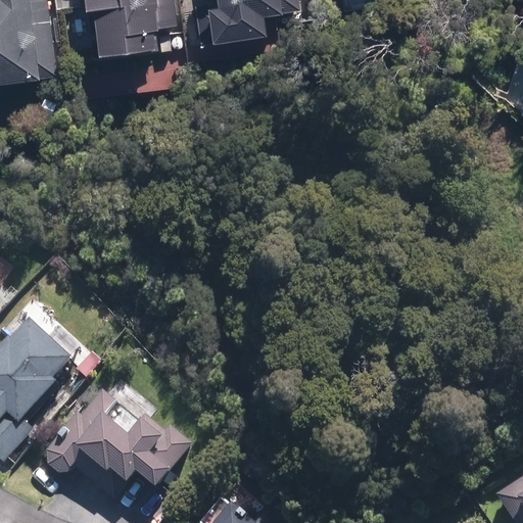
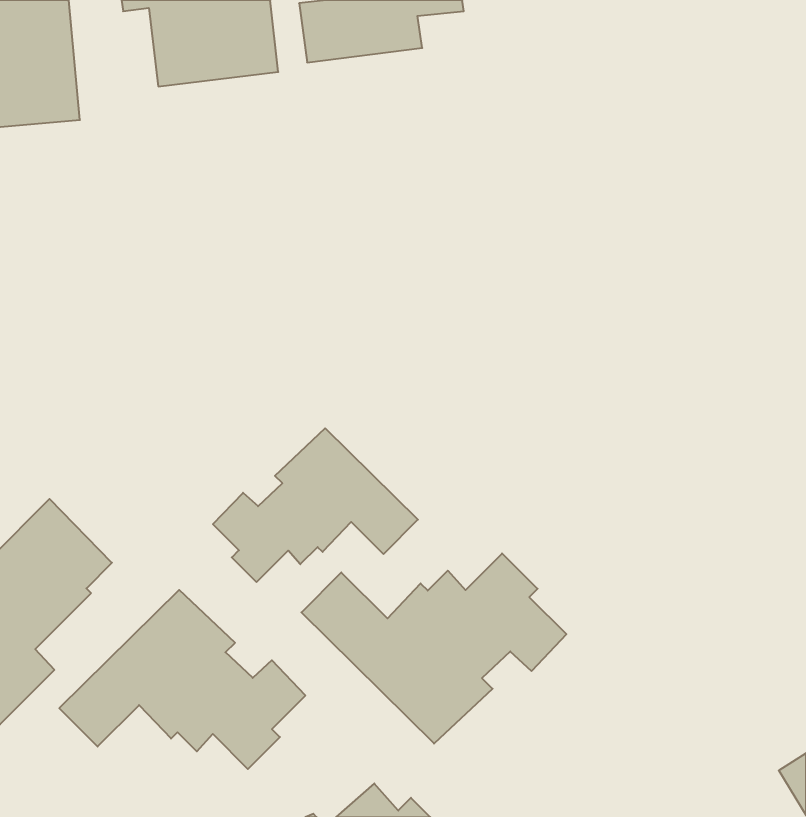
building: none -> [213,428,418,582]
building: none -> [301,553,566,744]

